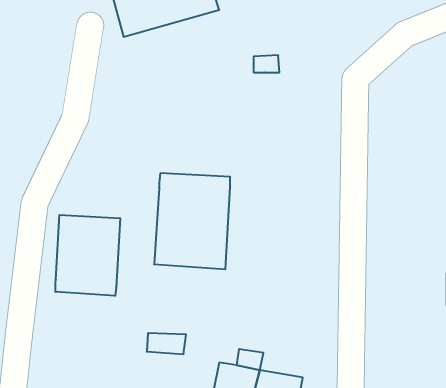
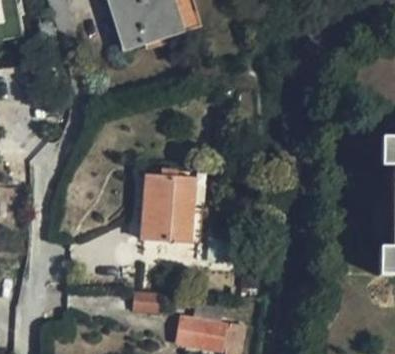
building: [55,215,120,296] -> none

